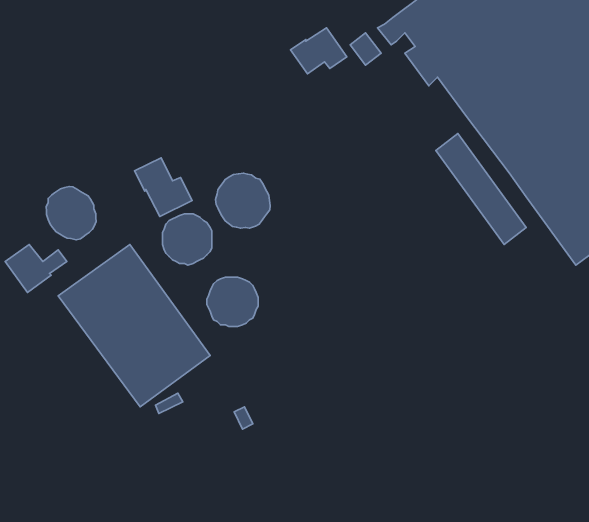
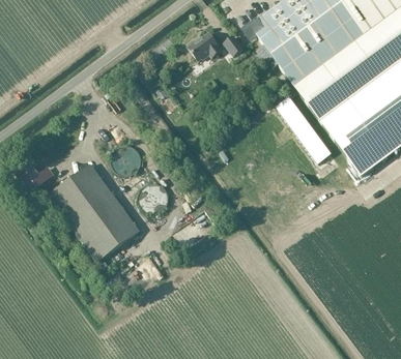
building: [134,158,192,216] -> none
building: [215,173,270,228] -> none
building: [46,186,96,240] -> none

